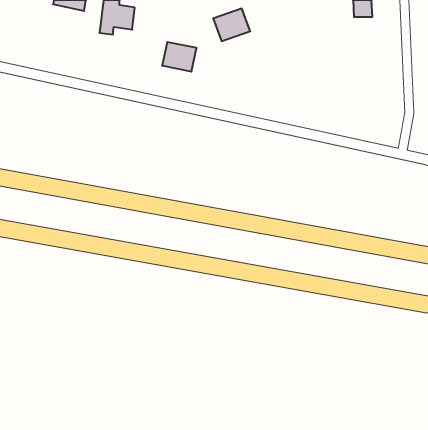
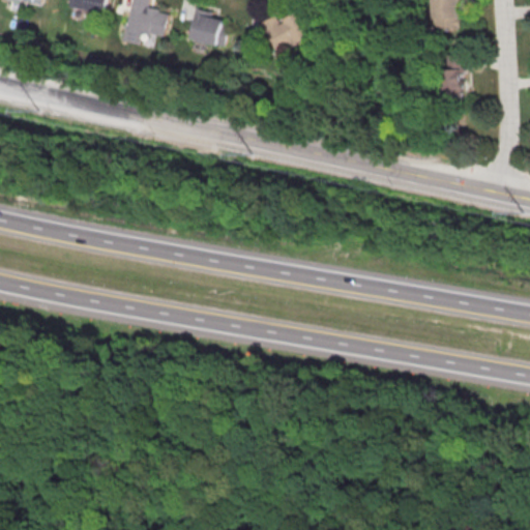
building: [162,42,197,72] -> [186,10,229,47]
building: none -> [445,55,463,99]

